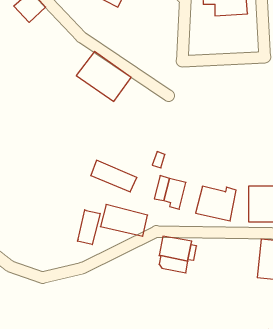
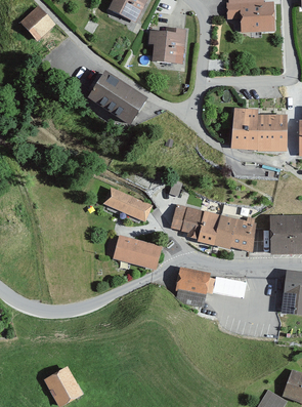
building: none -> [144,28,182,66]
building: none -> [234,109,288,151]
building: none -> [198,211,222,246]
building: [78,210,100,245] -> none

